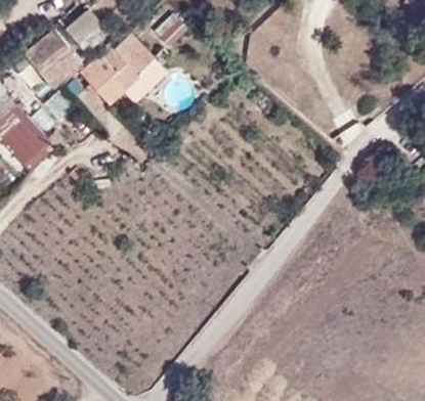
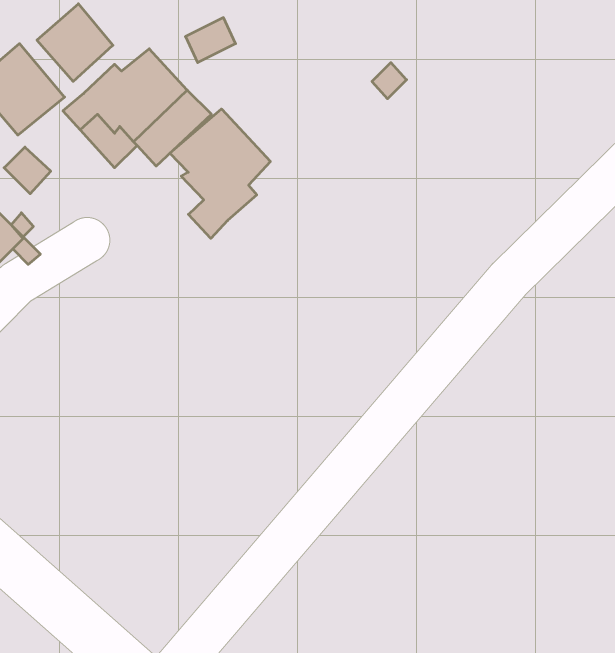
building: none -> [170,109,270,238]

